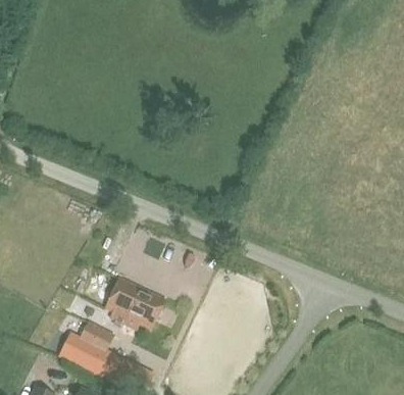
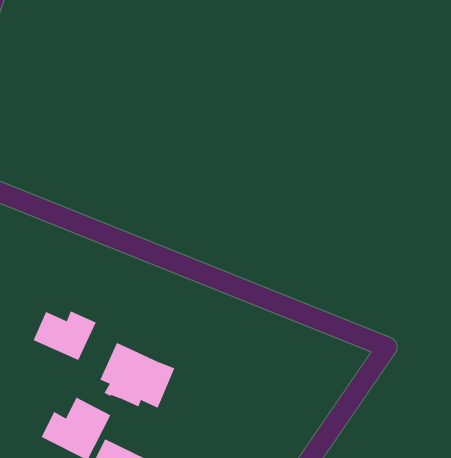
building: none -> [33,310,96,361]

